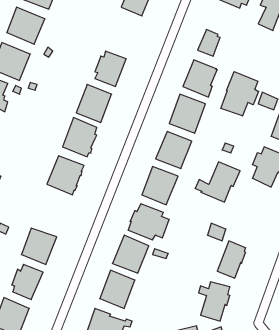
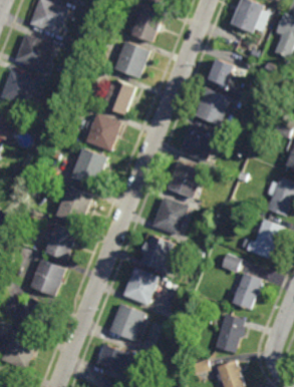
building: none -> [114,40,150,77]
building: [221,72,259,116] -> none
building: [195,162,240,202] -> [238,220,284,261]
building: none -> [45,224,77,260]

